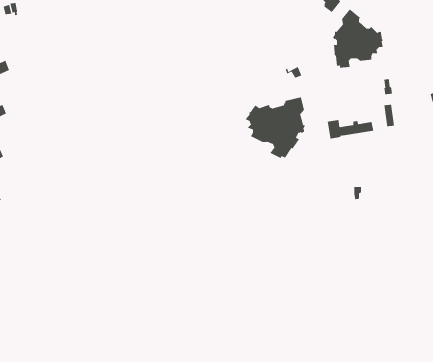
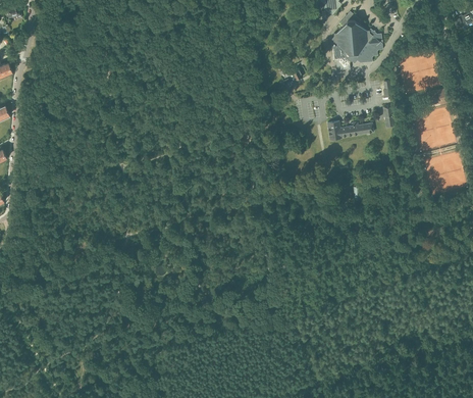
building: [245,96,306,159] -> none

